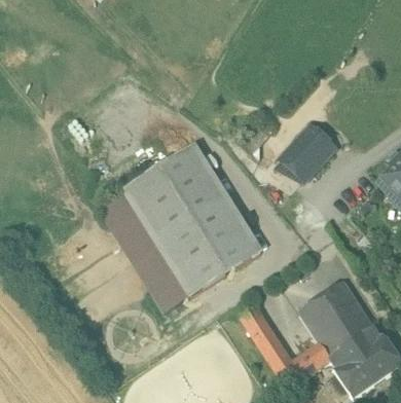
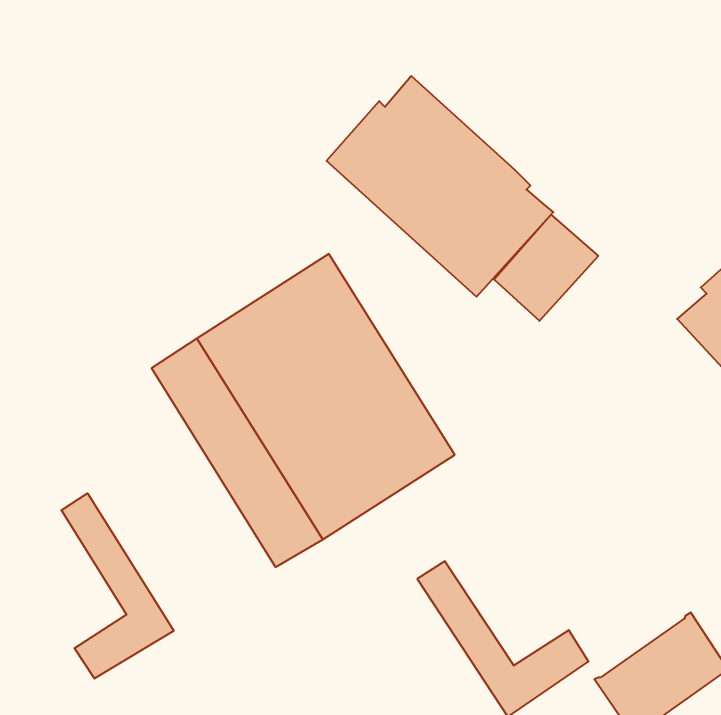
building: none -> [327,76,553,297]
building: none -> [61,493,174,679]
building: [298,281,380,367] -> none

